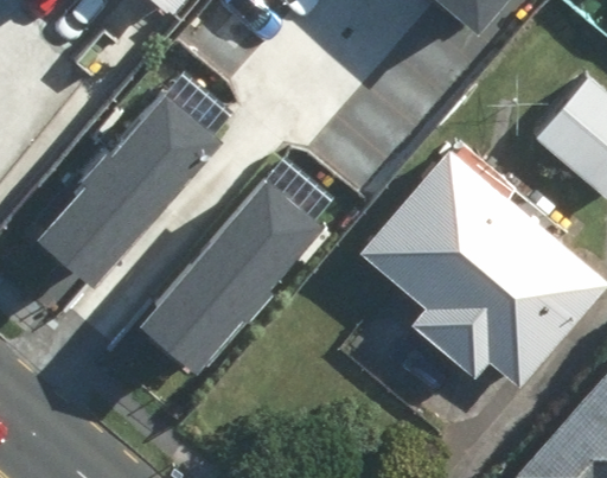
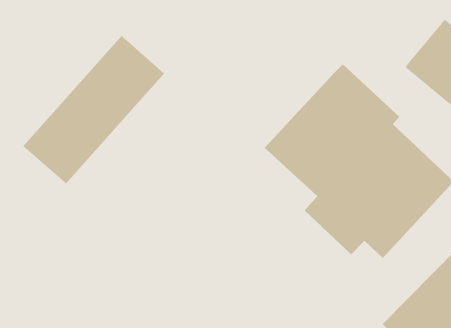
building: [142,177,326,374] -> none

